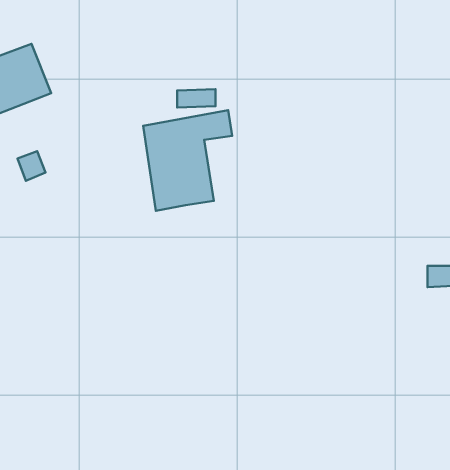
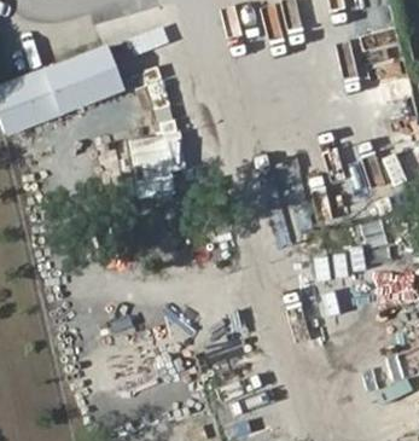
building: none -> [33,45,118,114]

